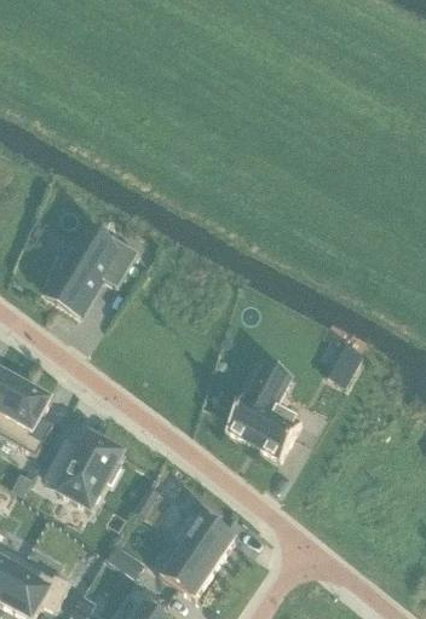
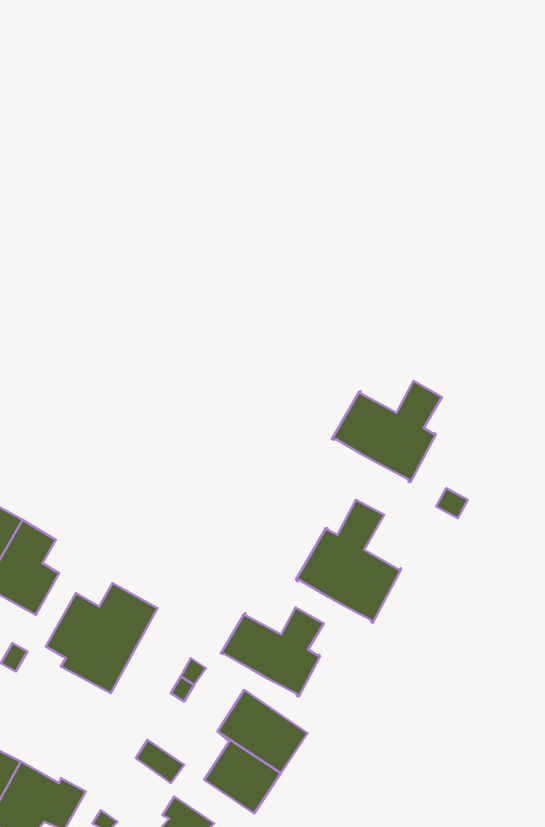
building: [40,224,138,316] -> none
building: none -> [332,381,442,482]
building: none -> [221,607,324,696]

